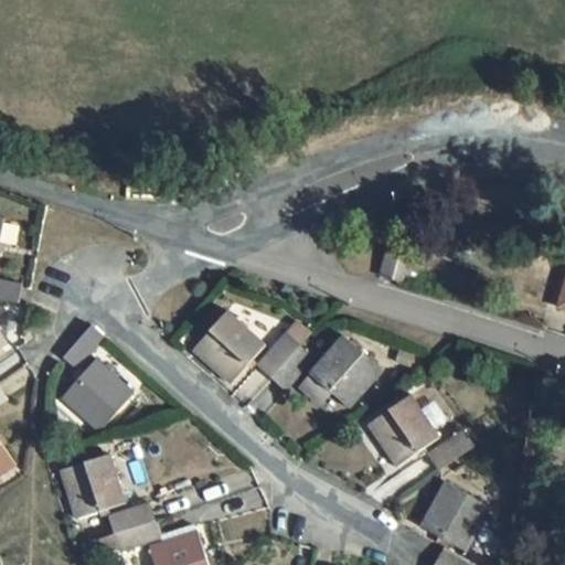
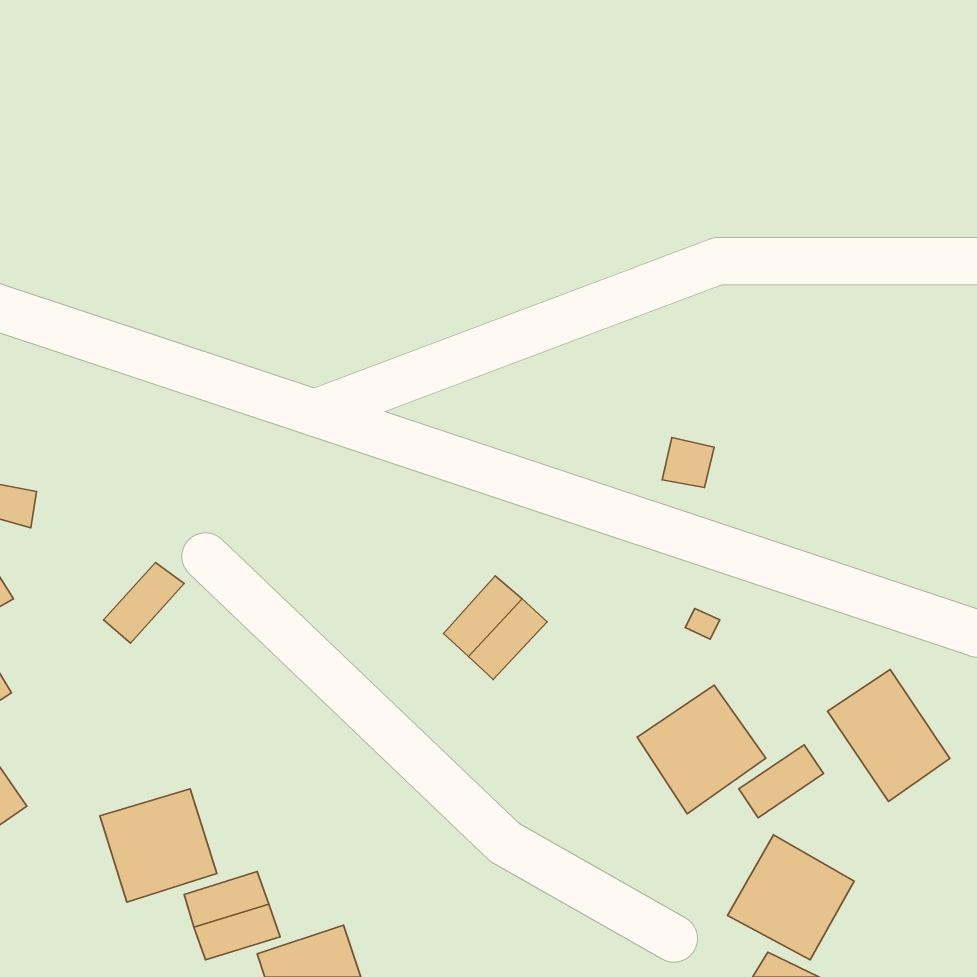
building: [191,310,265,384] -> none
building: [308,334,383,408] -> none
building: [60,358,135,433] -> none
building: none -> [827,670,950,801]

